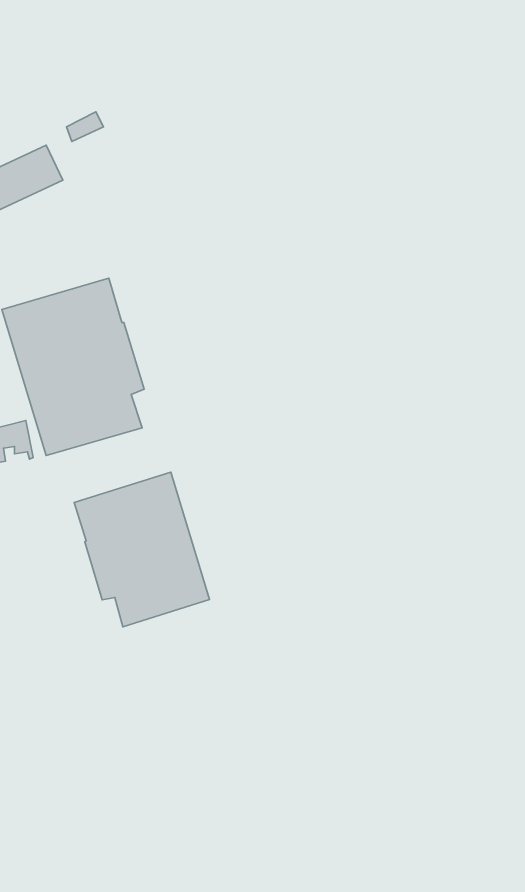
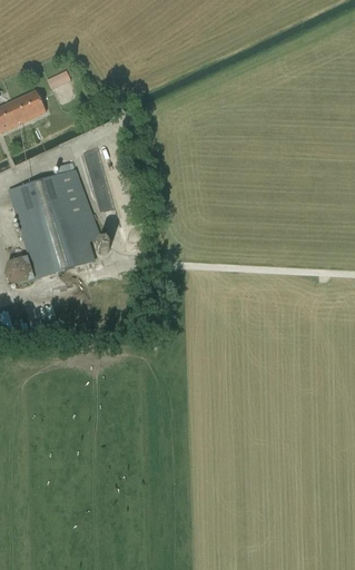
building: [74,472,209,627] -> none

